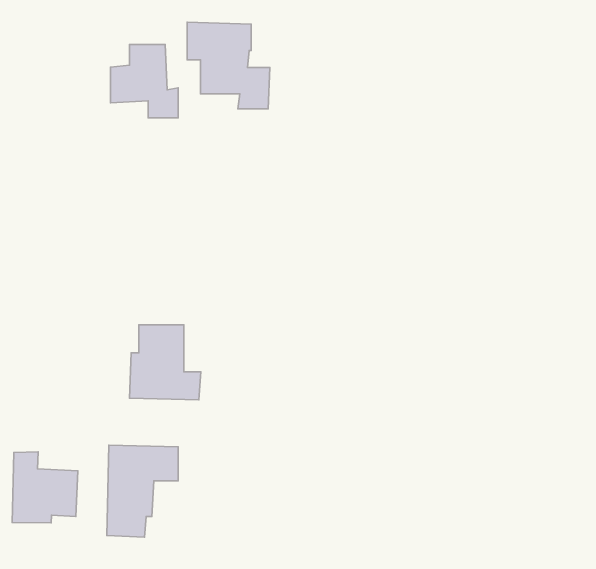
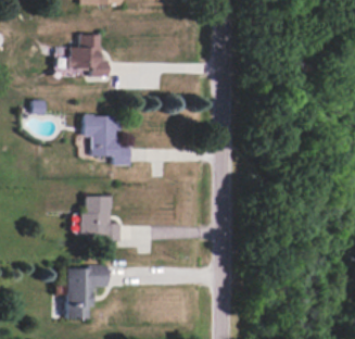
building: [187,22,270,109] -> [83,115,130,165]
building: [12,452,78,523] -> none

